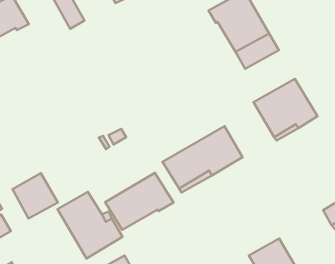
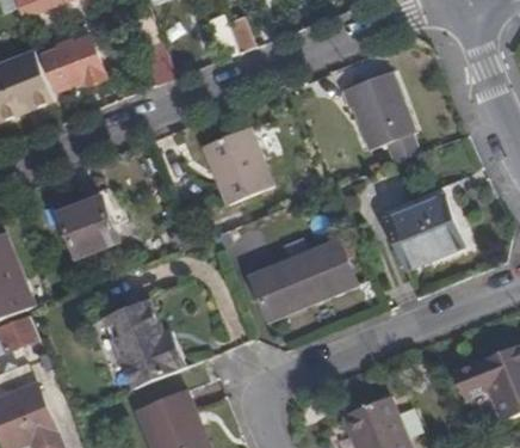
building: none -> [206,124,274,201]
building: [105,173,173,230] -> none
building: [12,173,58,219] -> [56,195,113,252]

